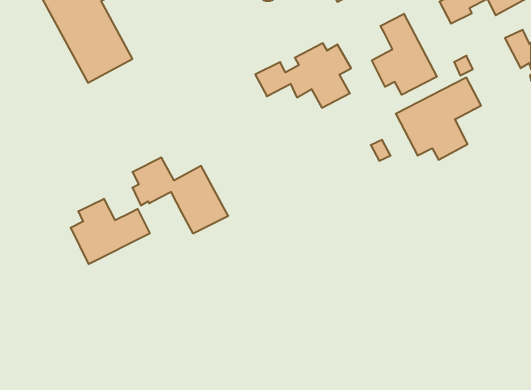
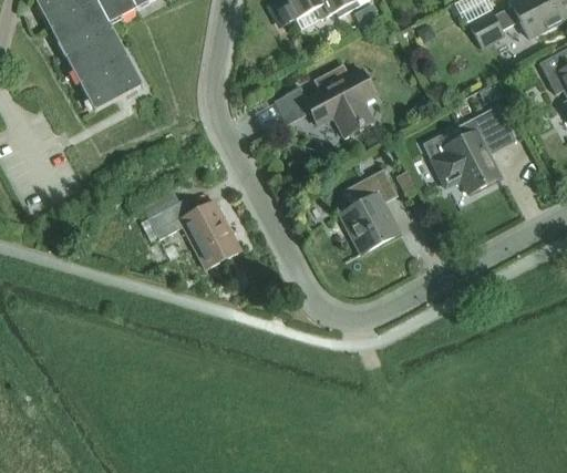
building: [372,14,437,95] -> none
building: none -> [340,168,399,253]
building: [71,199,150,264] -> none

